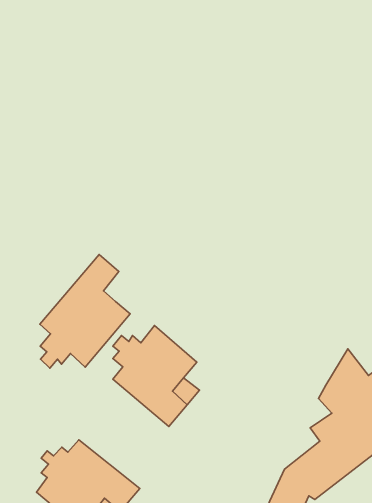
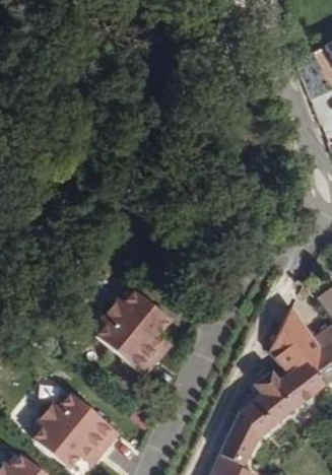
building: [40,254,130,368] -> none

